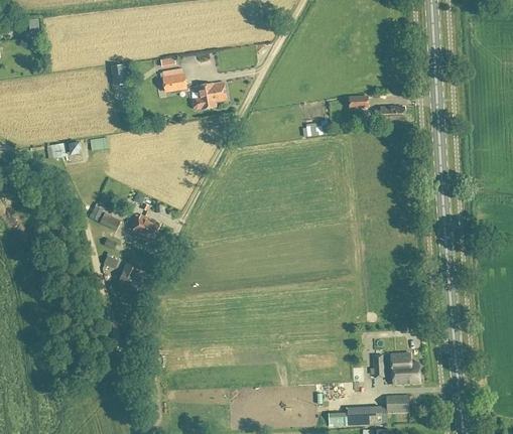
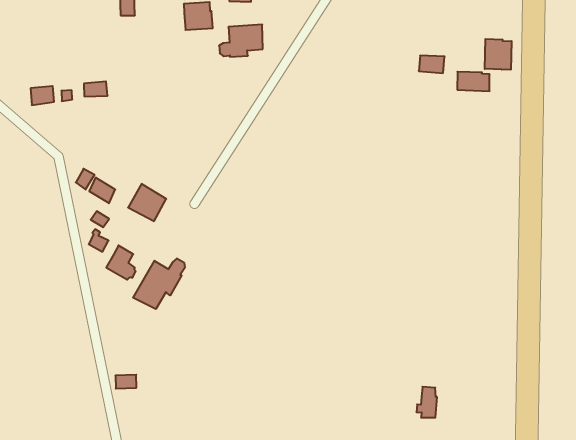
building: none -> [485,39,512,70]
building: none -> [133,258,185,309]
building: [390,352,420,384] -> none

